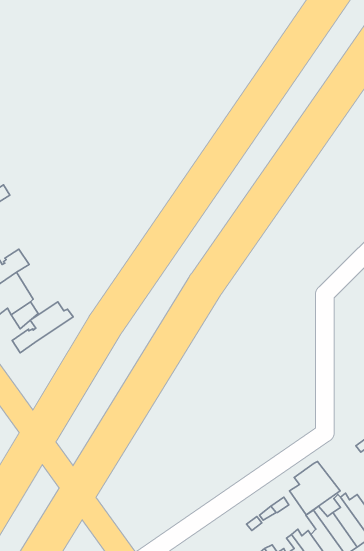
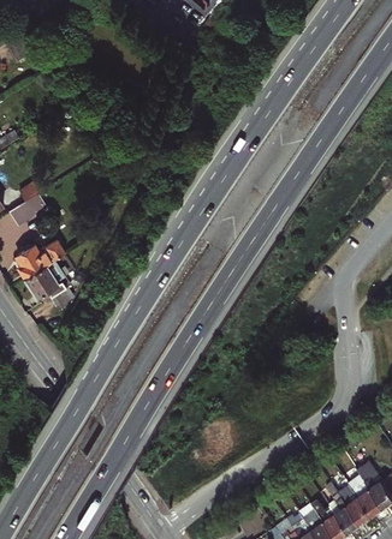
building: [12,302,73,353] -> none
building: [290,462,340,515] -> none

